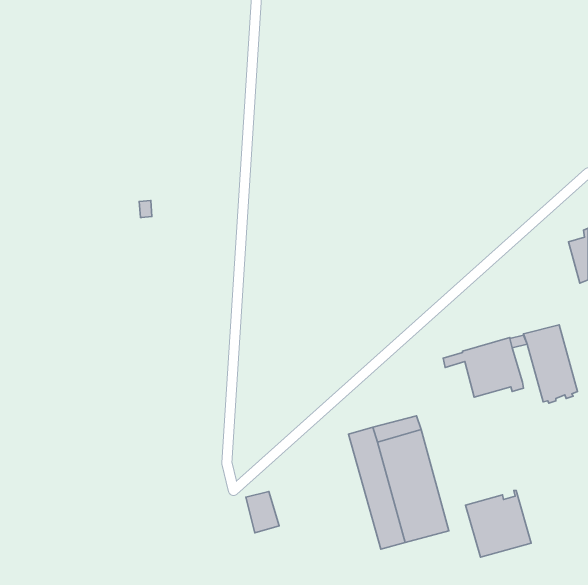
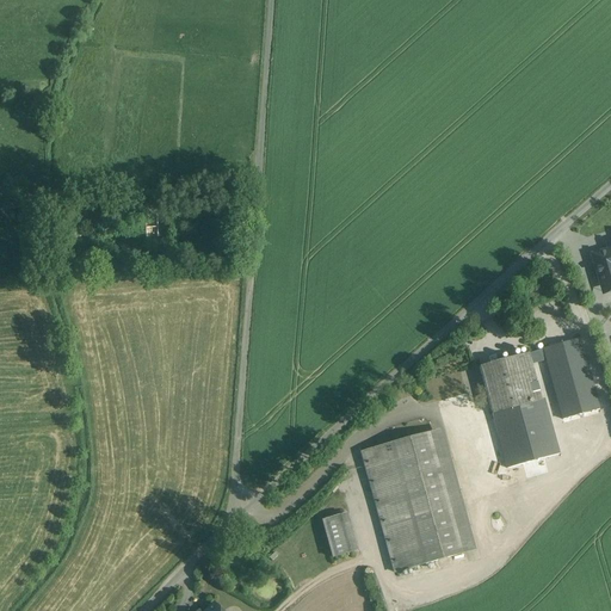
building: [466,490,531,557] -> [492,396,560,465]
building: [246,491,279,533] -> [322,512,357,555]

